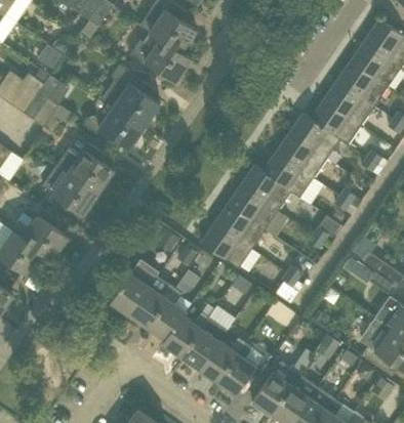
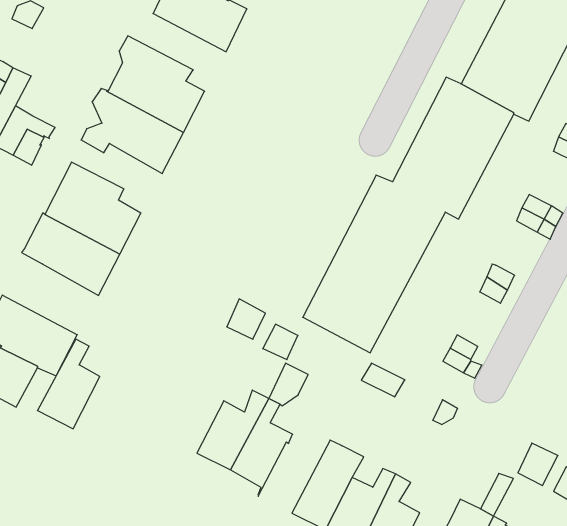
building: [110,263,149,315] -> [37,339,100,429]
building: [162,312,208,357] -> none

